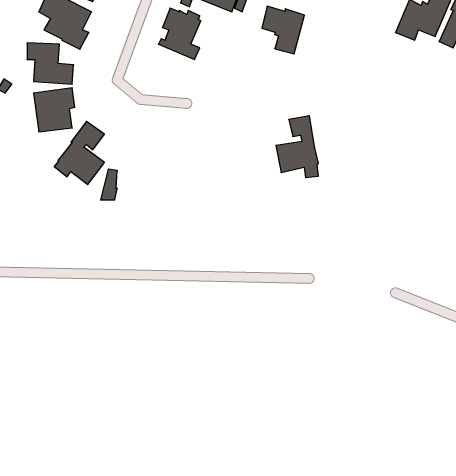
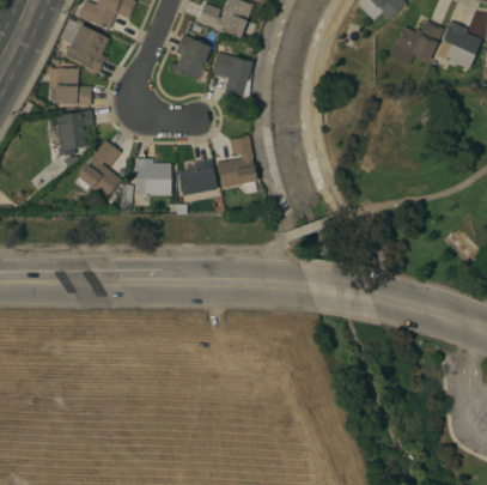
building: [262,6,304,54] -> [212,53,251,97]
building: [276,116,318,178] -> [217,135,256,193]
building: none -> [134,158,171,195]
building: none -> [178,159,217,198]

